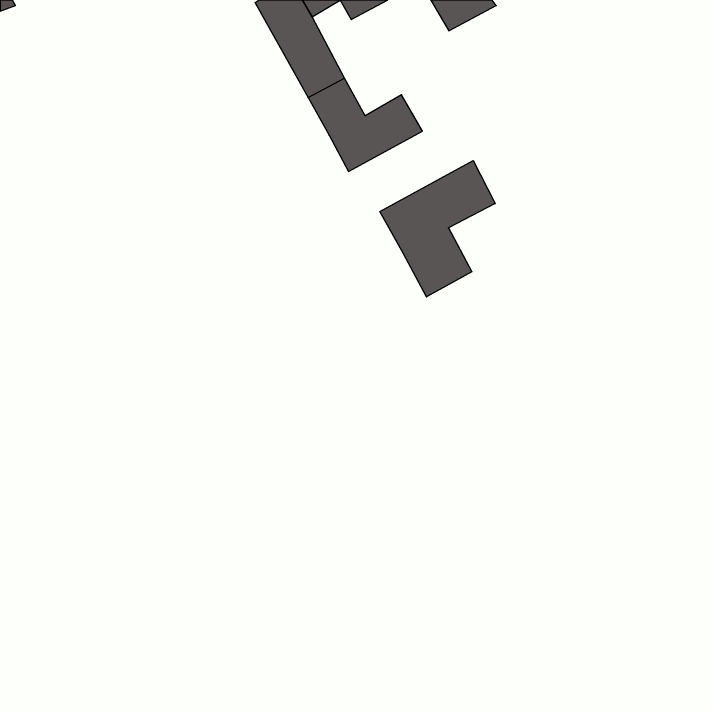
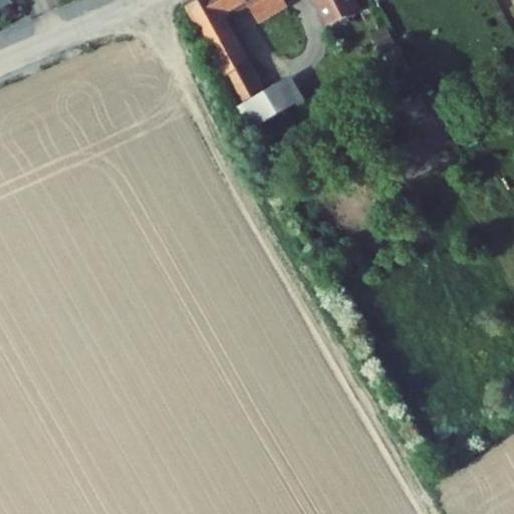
building: [380,161,495,297] -> none

